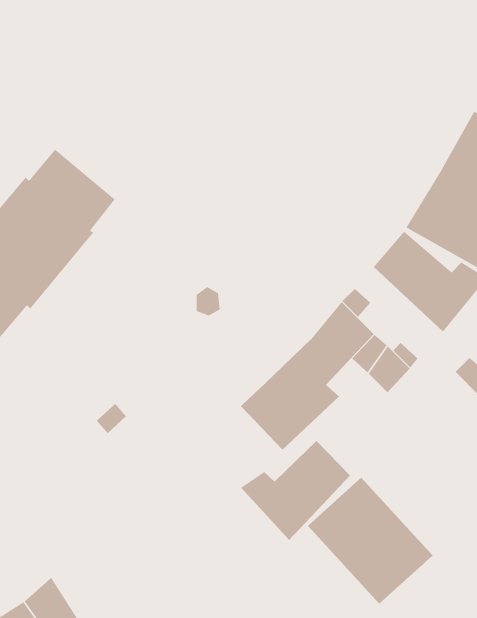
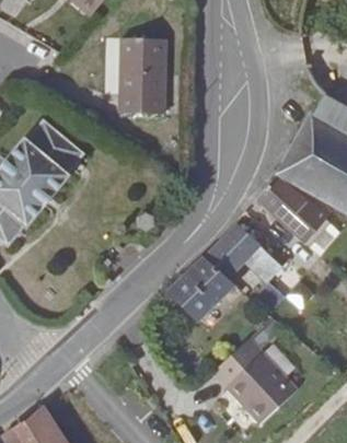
building: none -> [119,37,167,114]
building: [240,440,351,541] -> none

